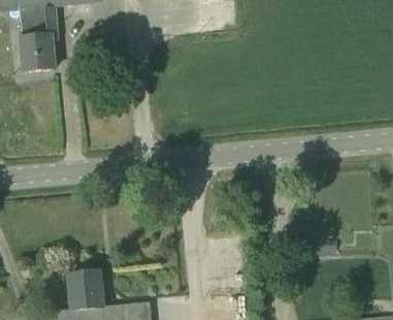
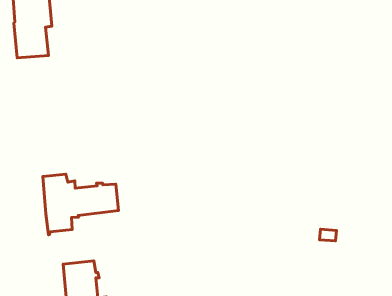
building: none -> [43,174,118,235]

